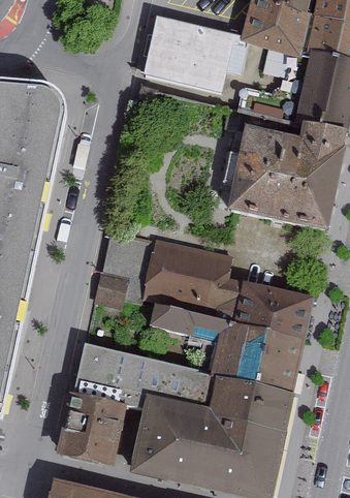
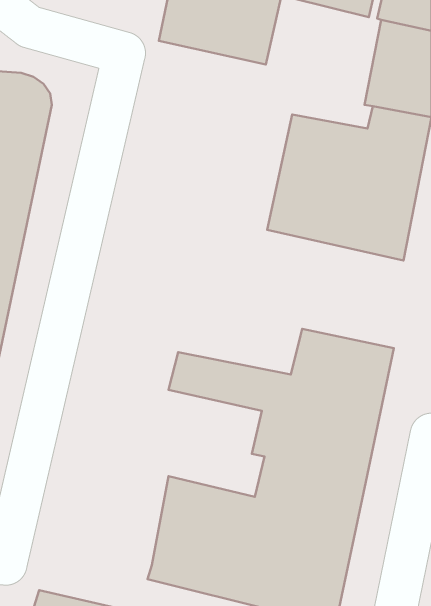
building: [94,232,248,315] -> none
building: [78,345,221,406] -> none
building: [60,391,132,463] -> none

